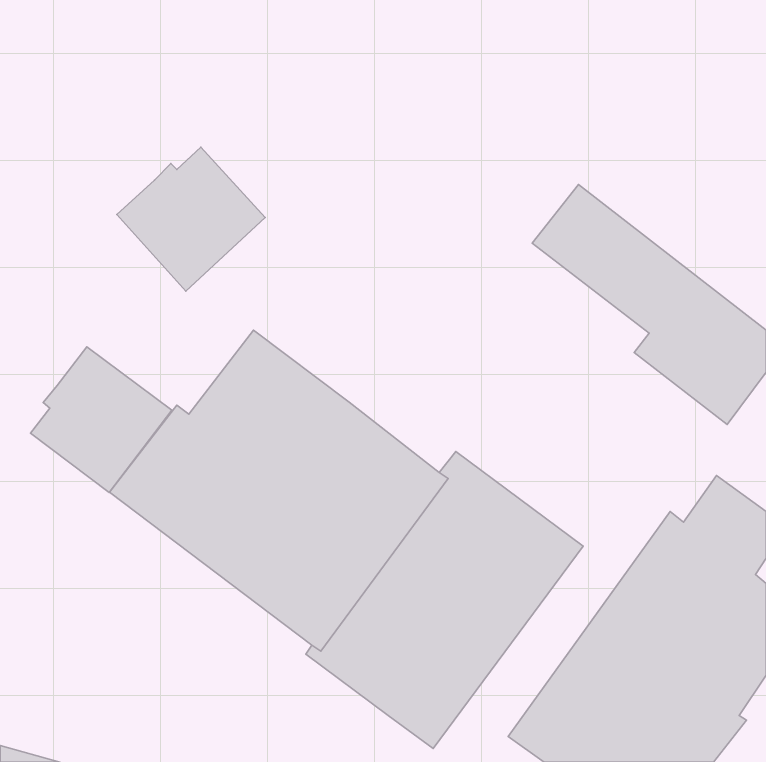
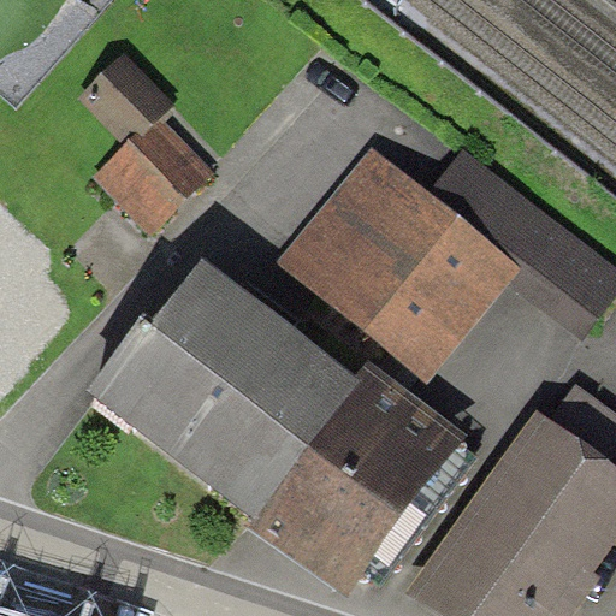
building: none -> [78,52,177,144]
building: none -> [277,147,521,381]
building: [31,347,172,492] -> none

